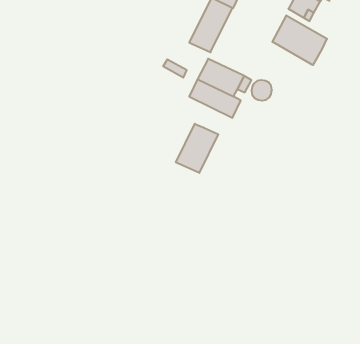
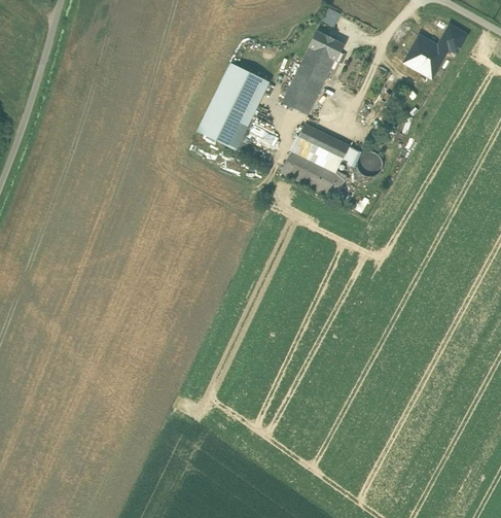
building: none -> [198,63,269,149]
building: [272,15,327,65] -> none
building: [176,124,218,173] -> none

